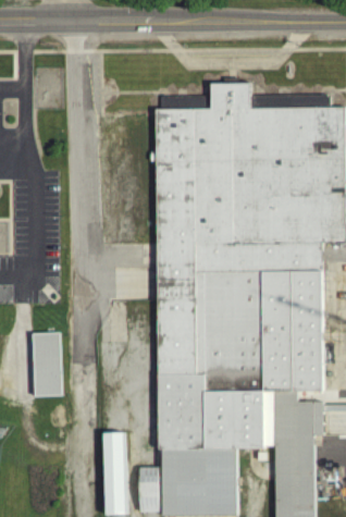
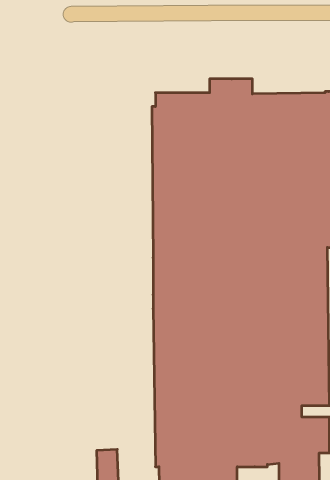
building: [33,333,62,397] -> none

